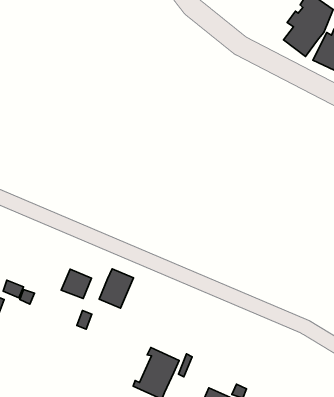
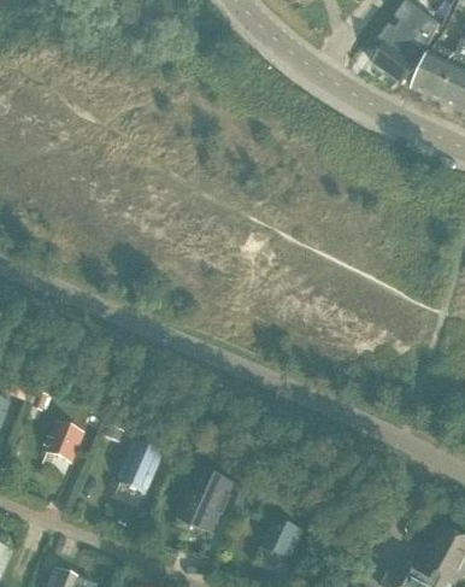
building: [99,269,133,308] -> [118,440,163,492]
building: [61,269,91,299] -> [43,422,83,460]

